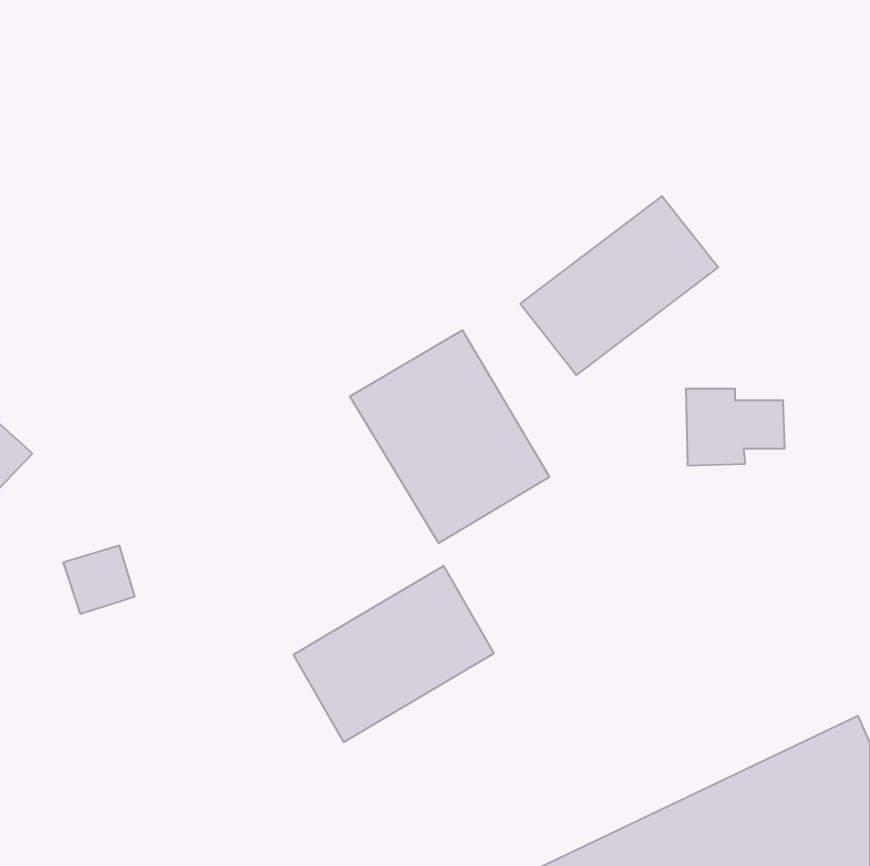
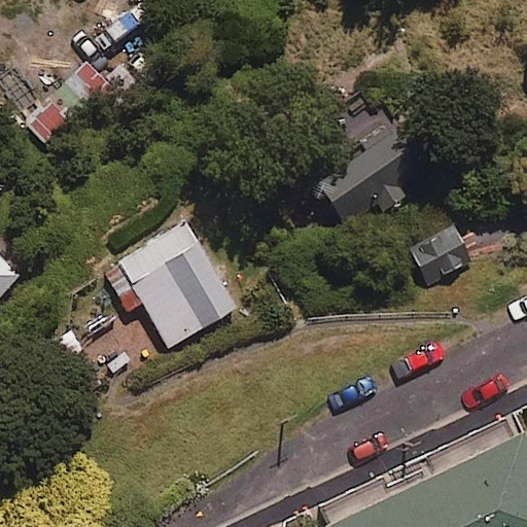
building: [350,330,549,543] -> [115,220,236,349]
building: [294,566,494,742] -> none

